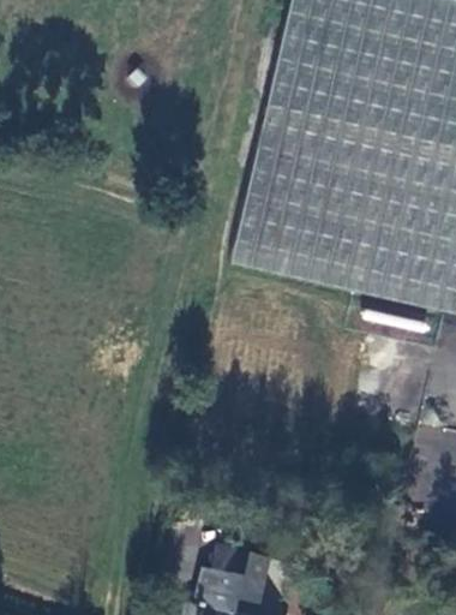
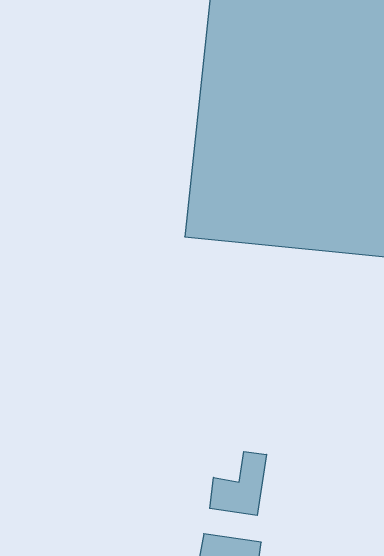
building: none -> [210,452,267,515]

